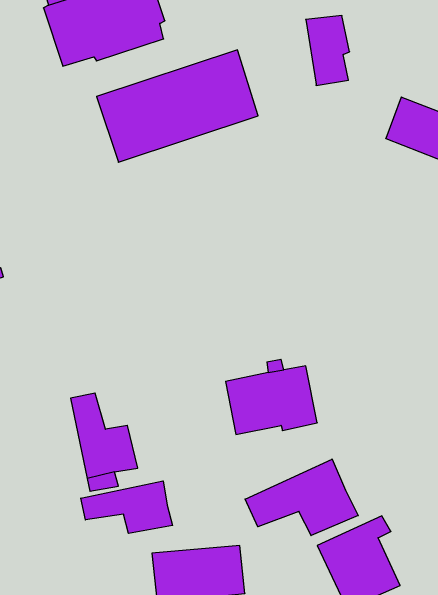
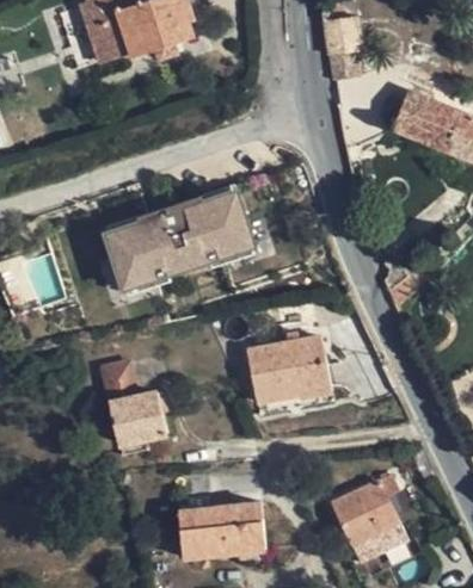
building: [97,50,258,162] -> [103,184,252,287]
building: [245,459,358,536] -> none
building: [81,481,173,533] -> none

